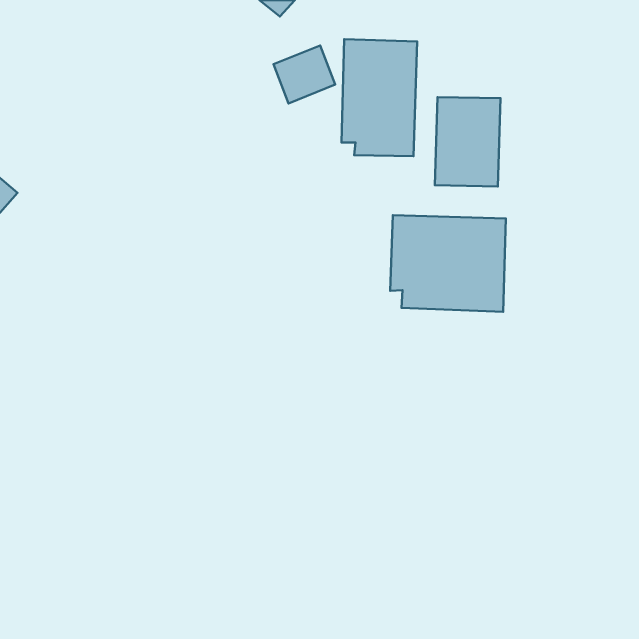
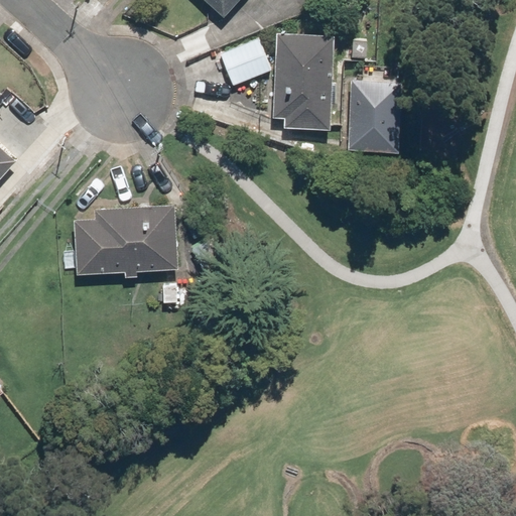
building: [390,215,506,312] -> none
building: none -> [73,205,176,273]

